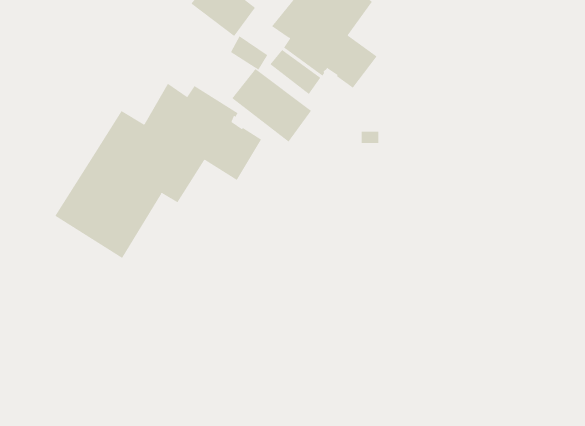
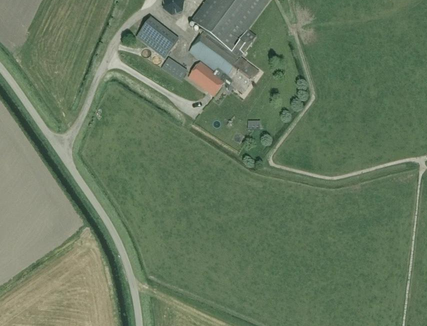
building: [232,68,312,142] -> none
building: [55,83,262,259] -> none

